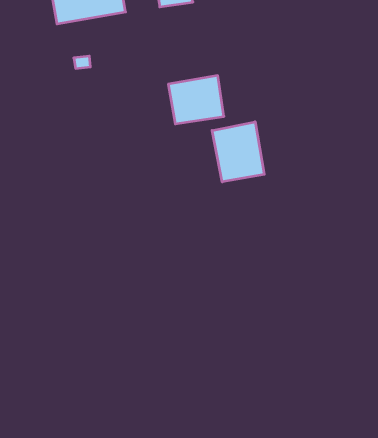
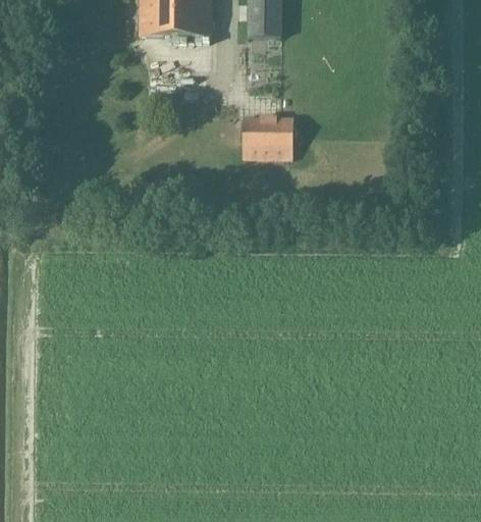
building: [212,122,264,182] -> none

